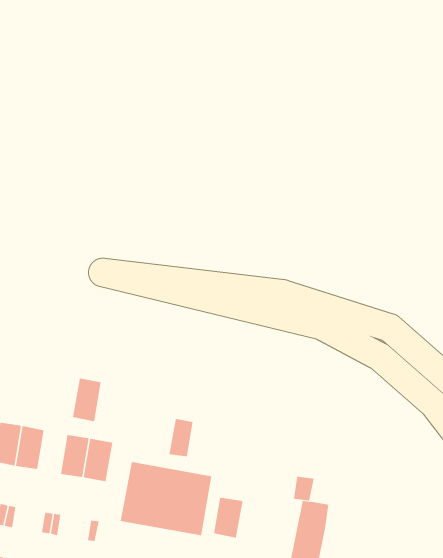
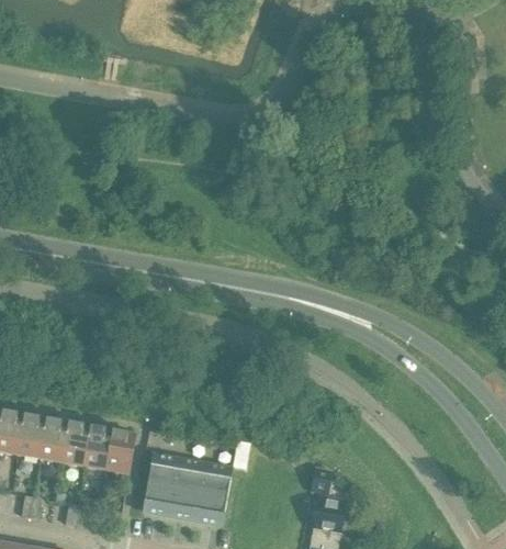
building: [72,378,102,422] -> [61,423,90,466]
building: [169,418,193,457] -> none
building: [213,497,243,538] -> none

